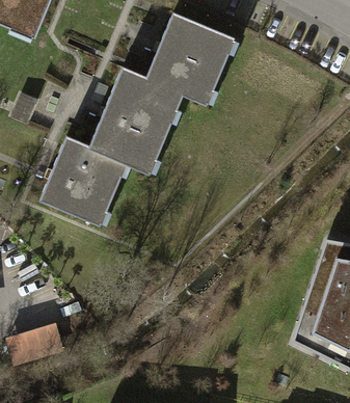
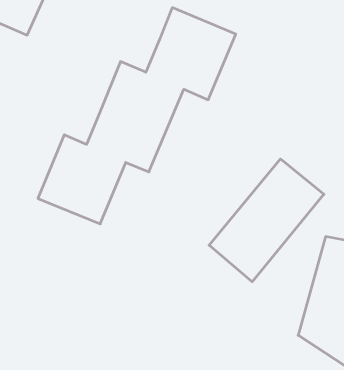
building: none -> [209,159,324,282]
building: [10,321,68,361] -> none

